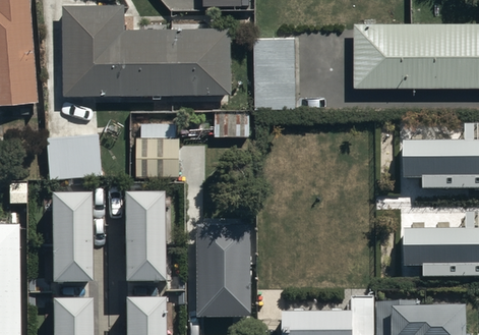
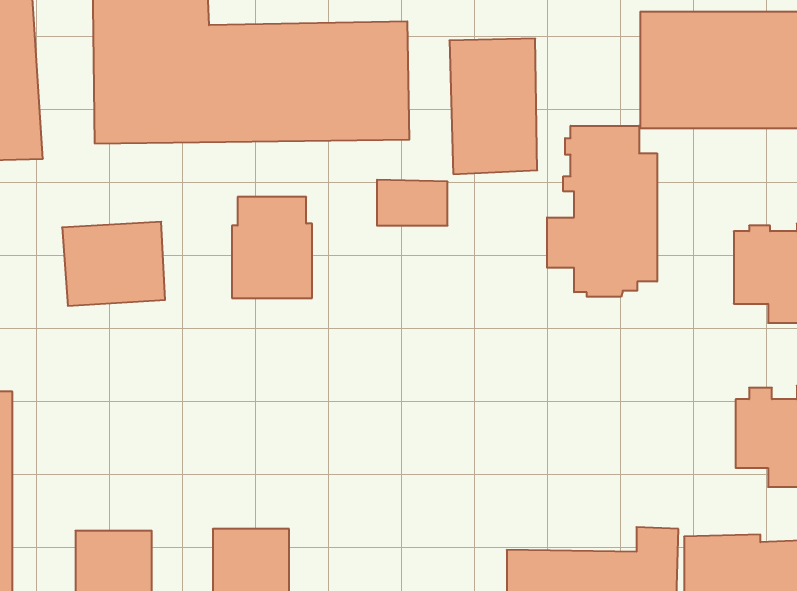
building: none -> [547,126,657,297]
building: [127,192,168,283] -> none
building: [53,193,94,284] -> none
building: [198,209,251,319] -> none

